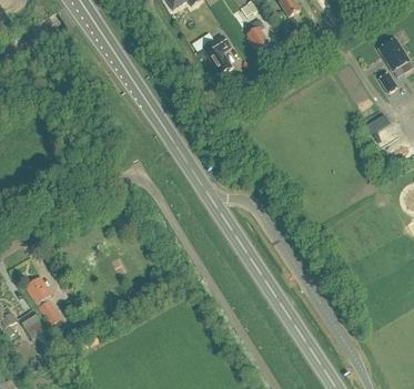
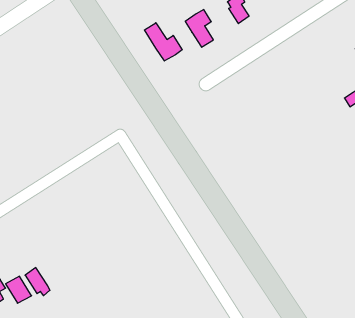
building: none -> [144,23,182,61]
building: [24,277,51,308] -> none

